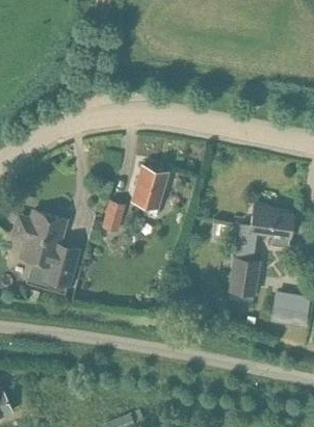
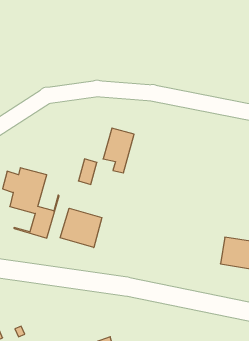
building: [230,204,294,294] -> none
building: none -> [60,208,102,248]

